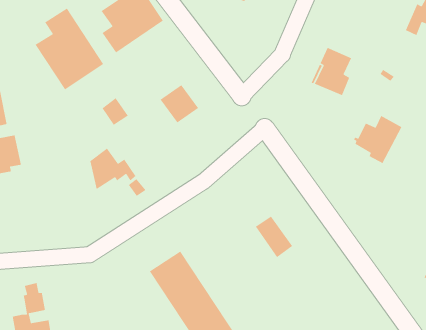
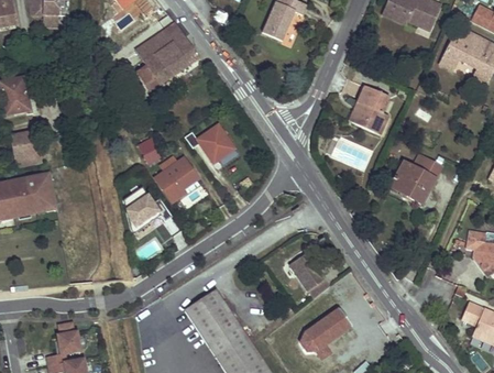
building: [34,7,104,90] -> none
building: none -> [158,157,199,201]
building: none -> [299,310,349,359]

